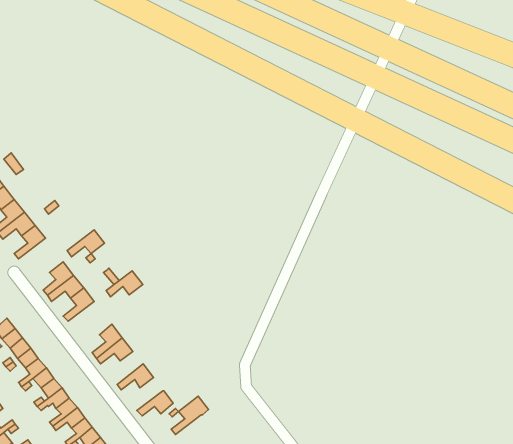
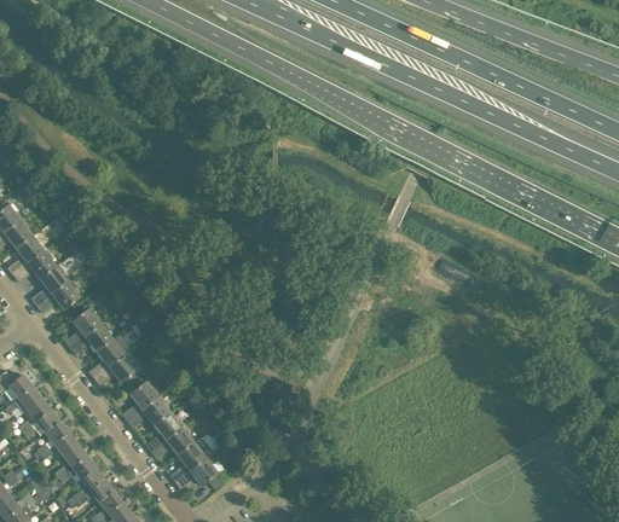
building: [67,230,105,257] -> [36,280,80,312]
building: [106,271,143,297] -> [94,354,137,384]
building: none -> [146,412,181,451]
building: [171,396,209,435] -> [169,436,213,481]

